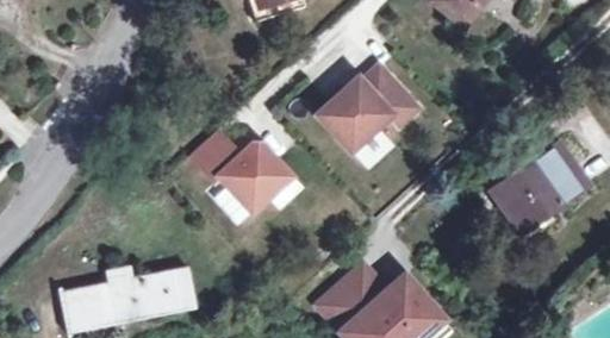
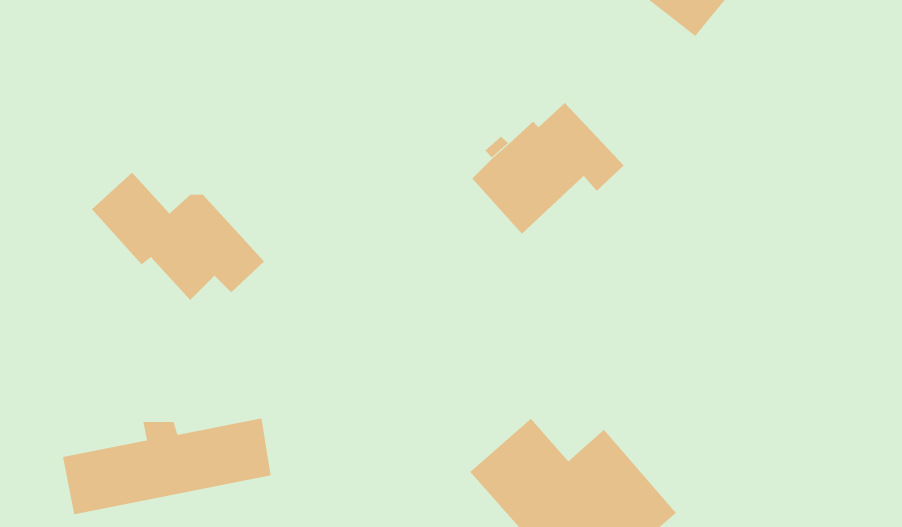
building: [191,127,301,209] -> [91,172,265,301]
building: [492,142,589,225] -> none

